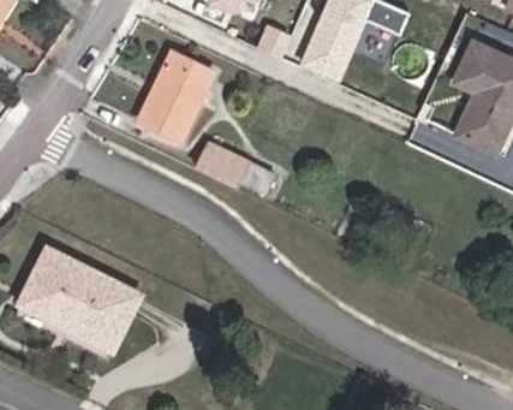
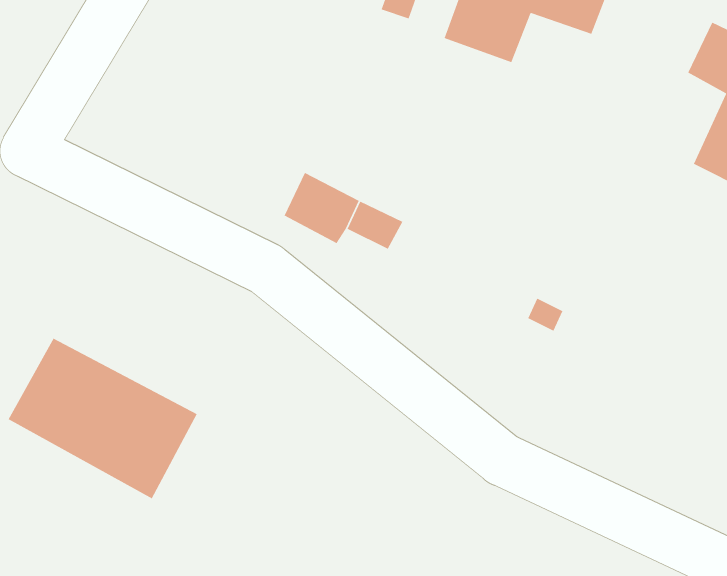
building: [136,50,208,137] -> none

